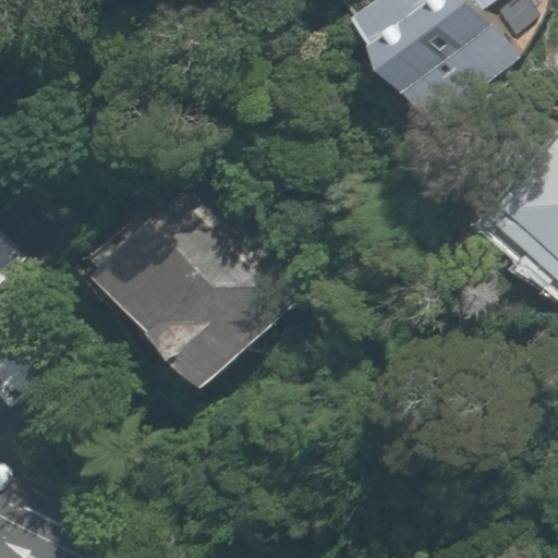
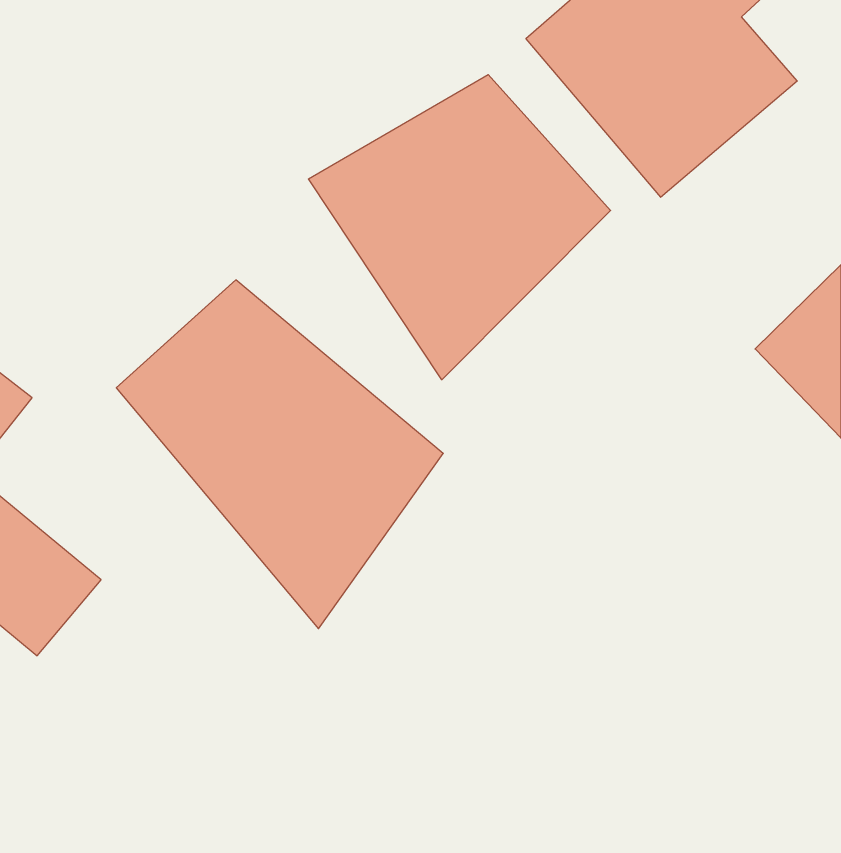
building: none -> [308,75,611,380]

